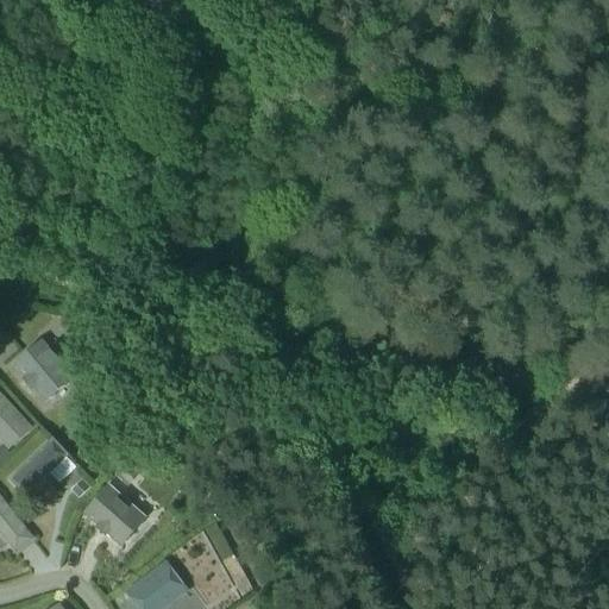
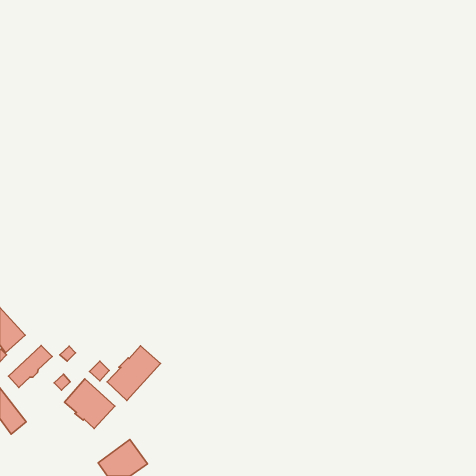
building: [14,340,73,401] -> none
building: none -> [107,346,160,400]

